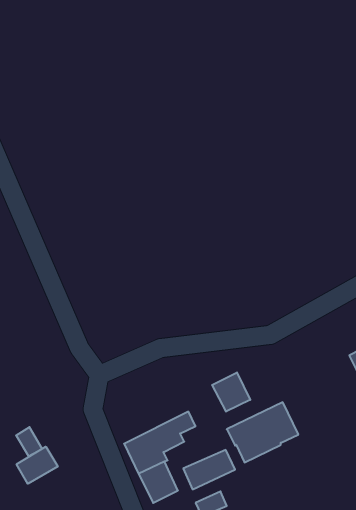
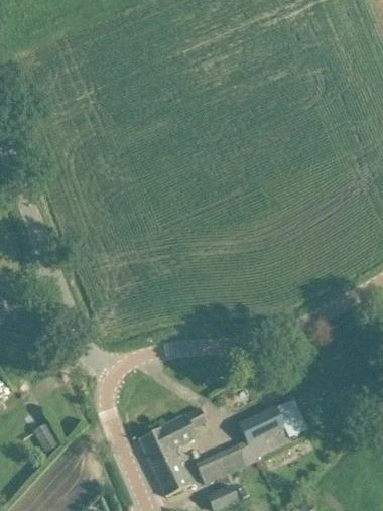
building: [212,372,250,412] -> none
building: [17,447,58,484] -> none

